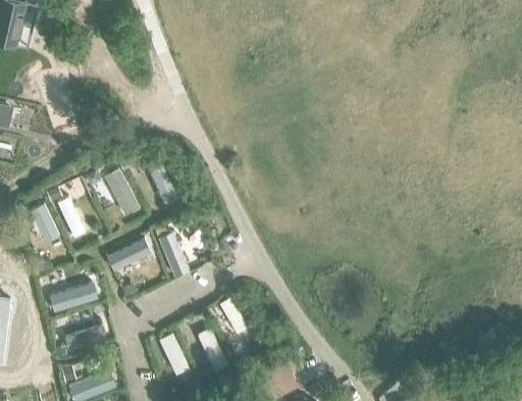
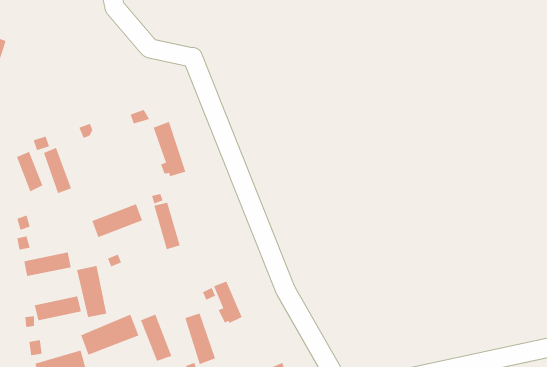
building: [104,167,138,213] -> none
building: none -> [76,265,107,318]
building: none -> [80,314,139,356]

